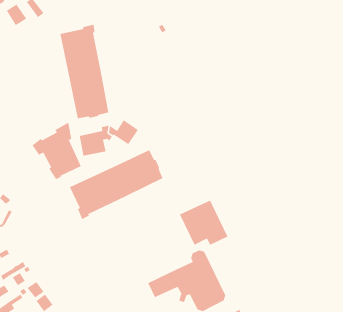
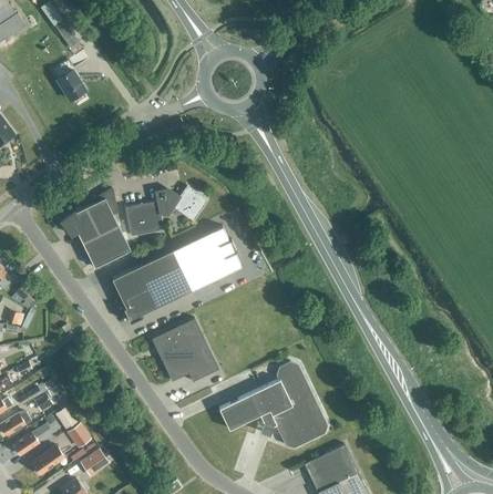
building: [6,3,27,26] -> [57,69,85,100]
building: [60,24,109,119] -> none
building: [179,199,228,246] -> [151,318,218,381]

